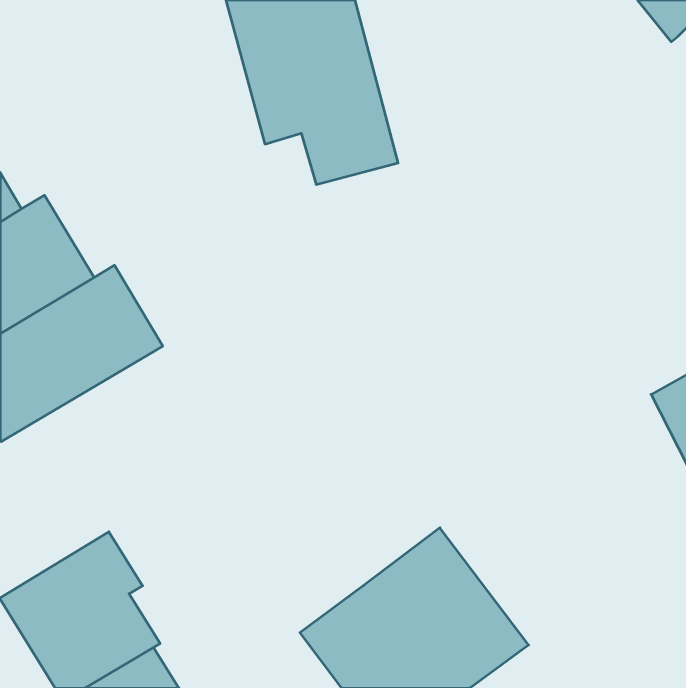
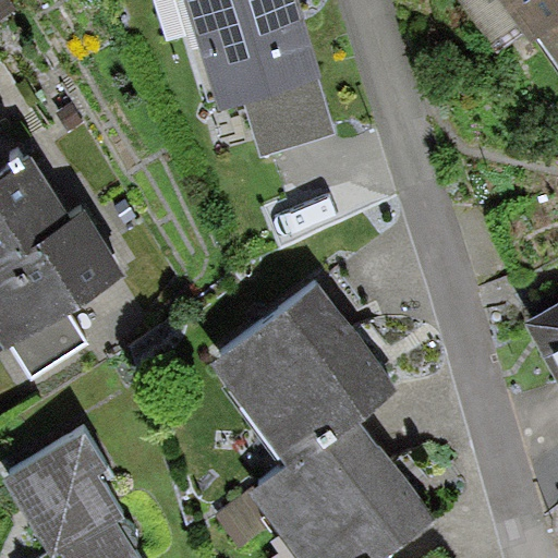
building: none -> [204,281,392,474]

